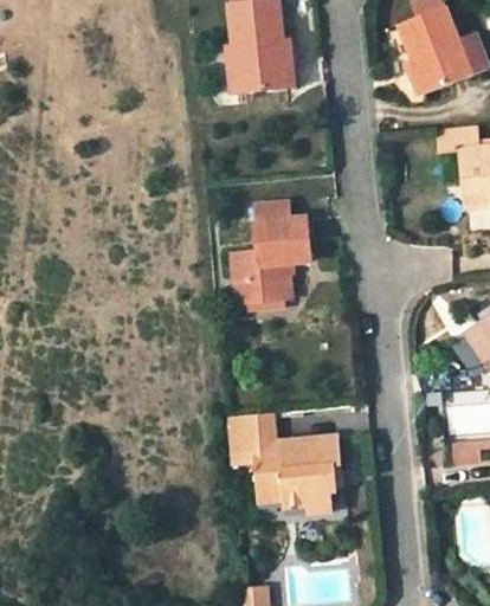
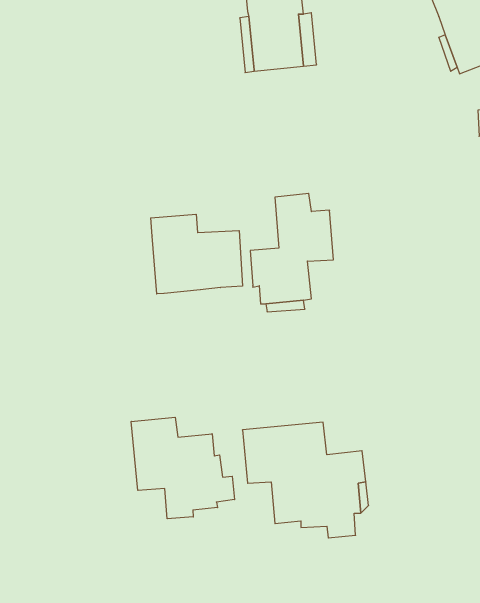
building: none -> [151,214,242,294]
building: none -> [131,417,235,519]

